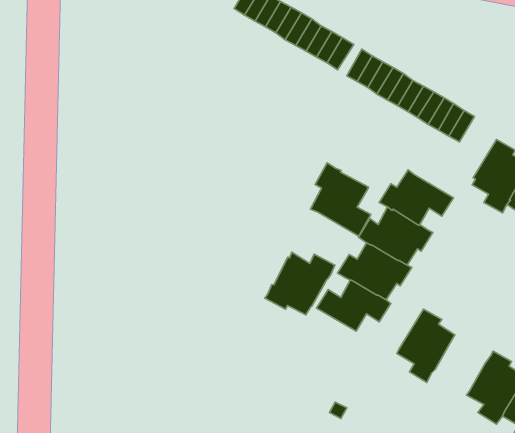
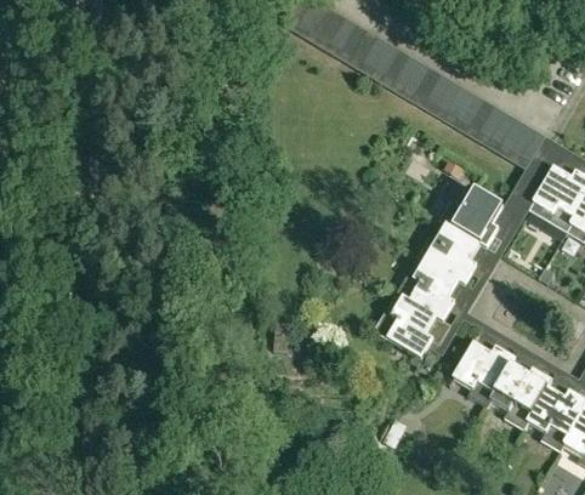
building: [311,163,371,236] -> none
building: [265,252,335,315] -> none
building: none -> [490,357,552,433]

